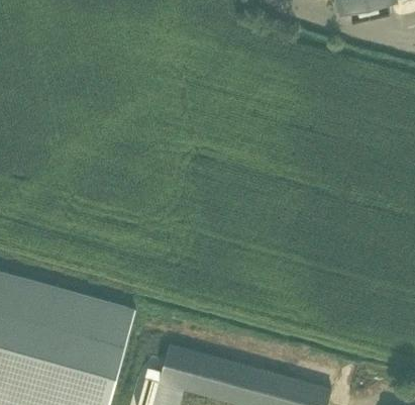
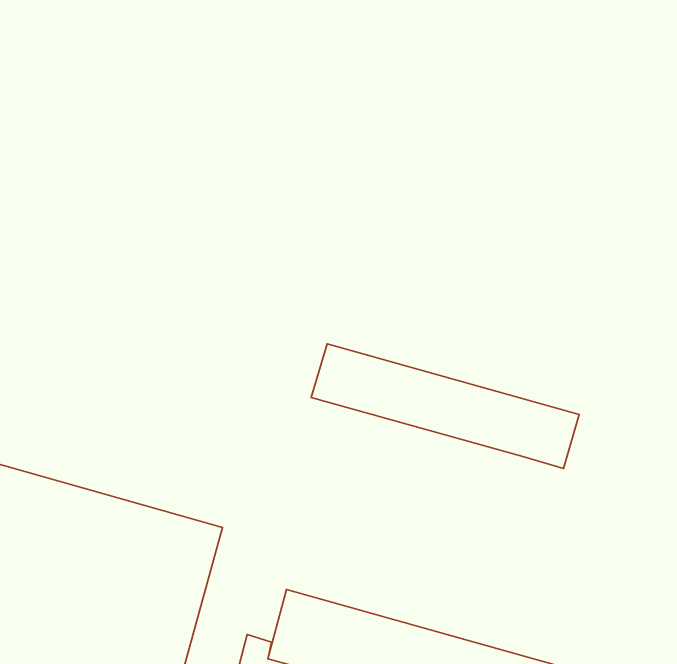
building: none -> [311,344,579,468]

